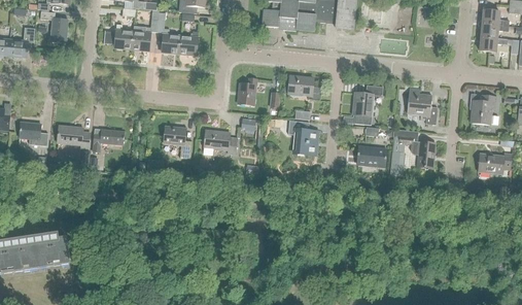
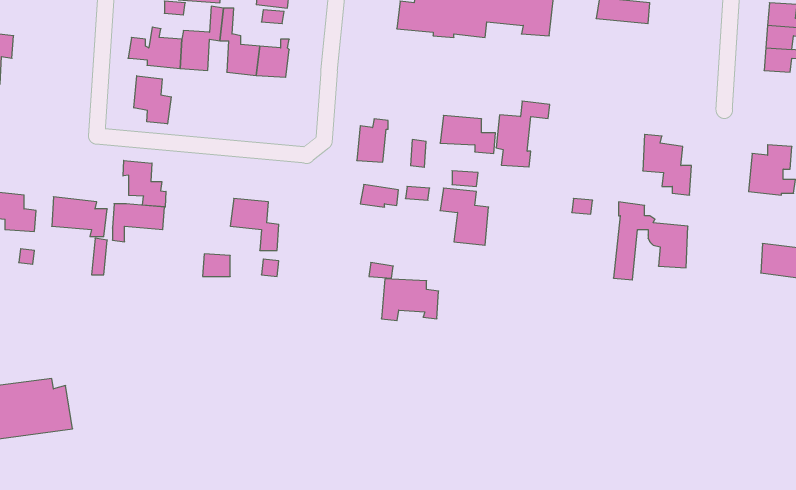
building: [40,12,67,42] -> none
building: none -> [134,76,171,124]
building: [351,84,383,124] -> [496,101,550,167]
building: none -> [123,160,166,207]
building: [203,130,237,155] -> [381,279,439,321]
building: [357,145,386,166] -> none

